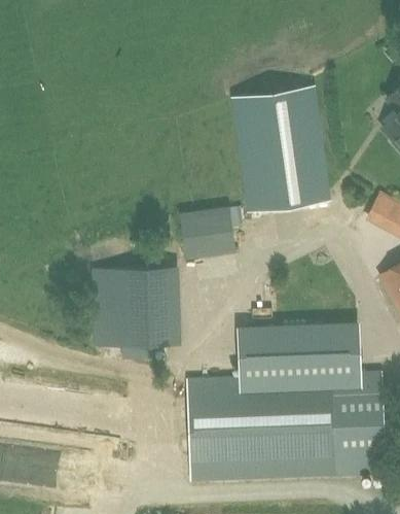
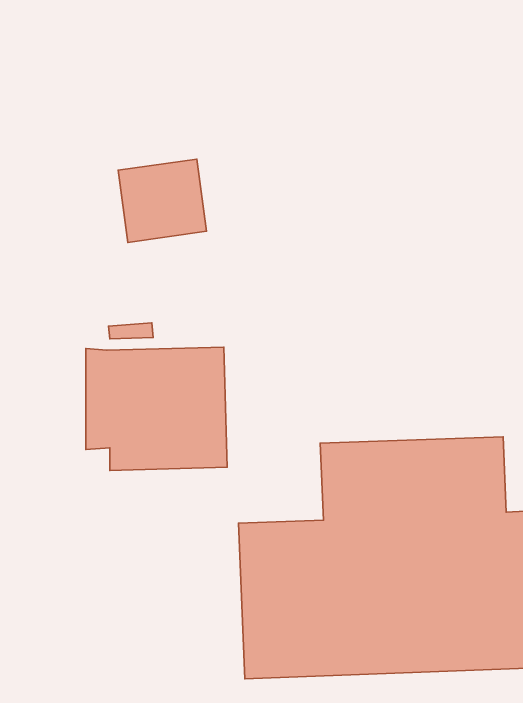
building: [232,87,327,209] -> none
building: [178,206,234,260] -> [118,159,206,242]

